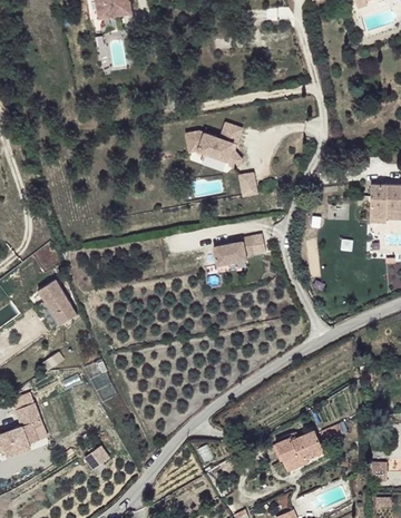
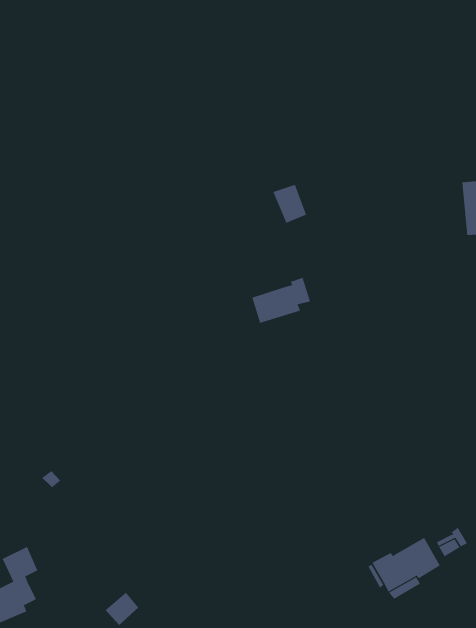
building: [185,121,242,167] -> none
building: [38,278,76,323] -> none

